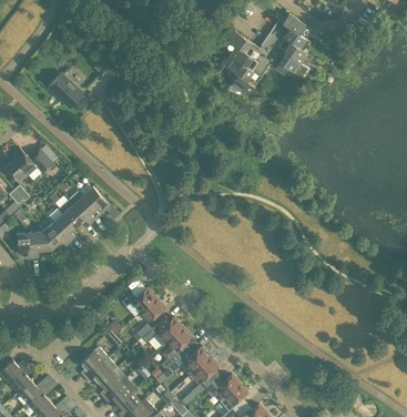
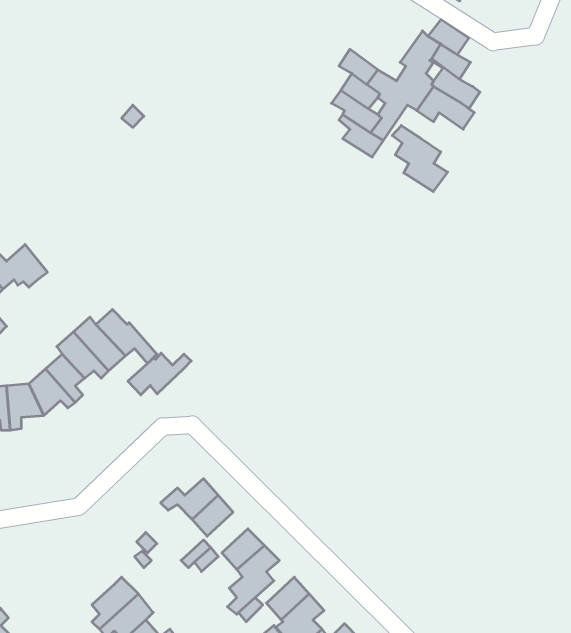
building: [48,73,94,113] -> none
building: none -> [392,125,448,192]
building: none -> [128,353,191,395]

